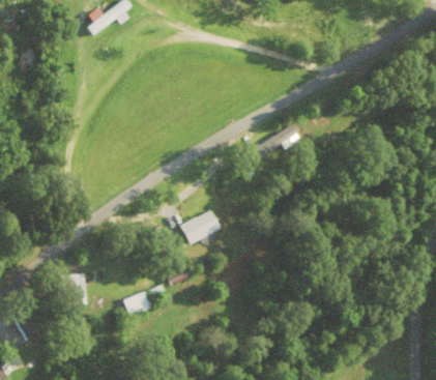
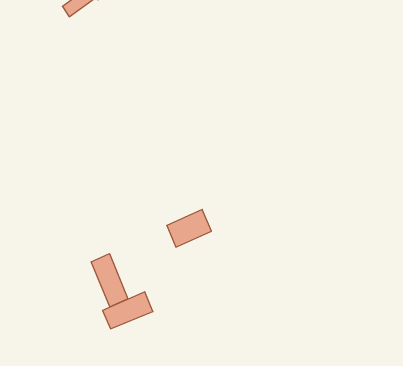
building: none -> [91,254,128,307]

